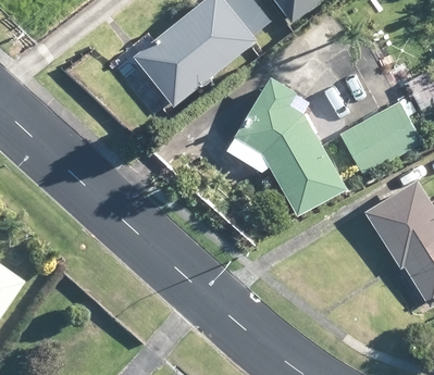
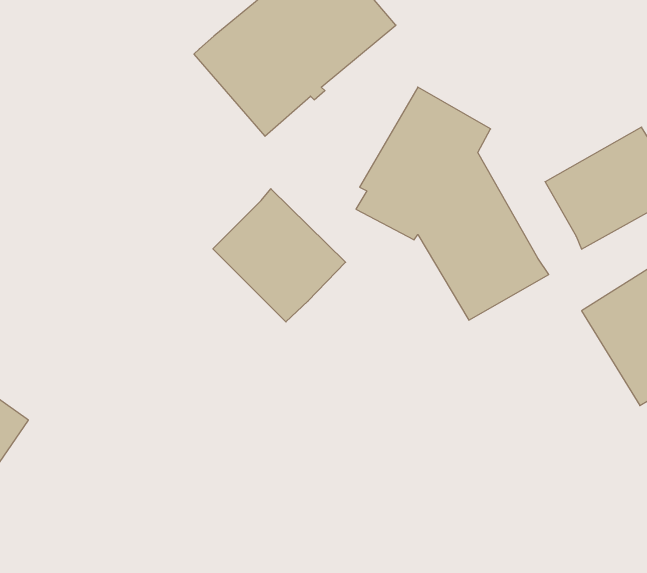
building: none -> [213,189,346,322]

